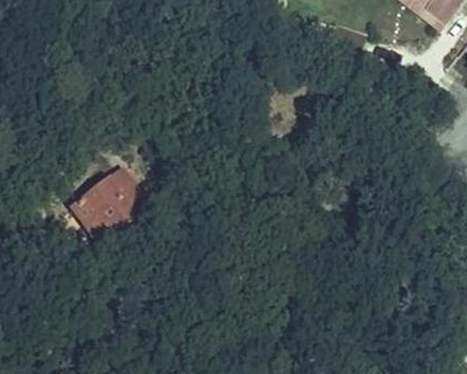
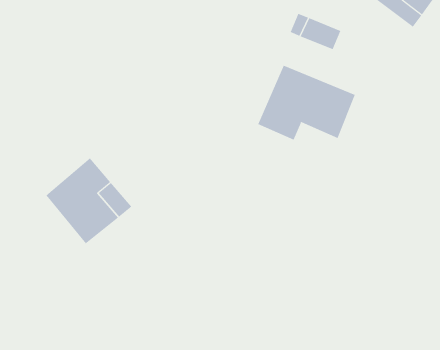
building: none -> [257,65,355,140]

